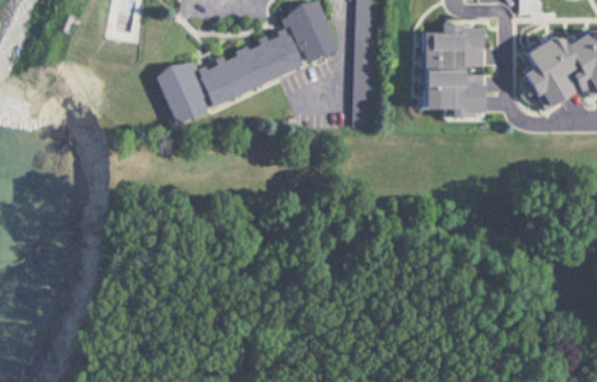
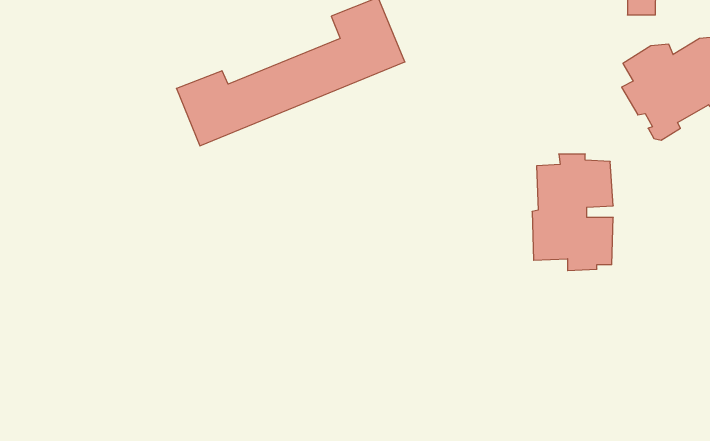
building: [419,23,485,118] -> [532,154,613,271]

